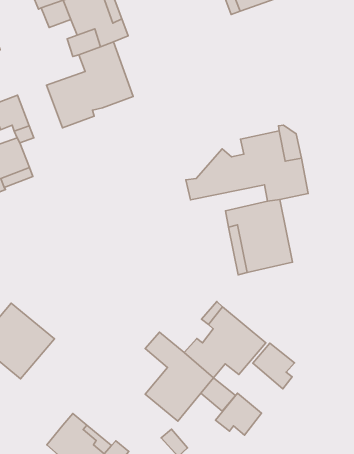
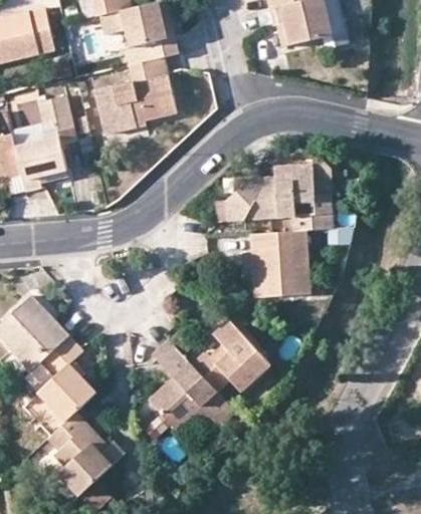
building: none -> [24,335,96,420]
building: [253,343,295,389] -> none
building: [216,393,261,435] -> none

